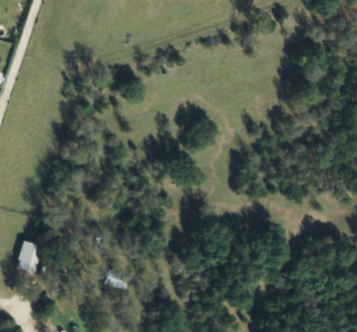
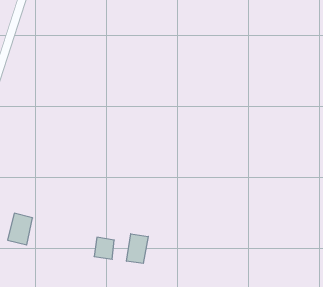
building: none -> [127,234,148,263]

